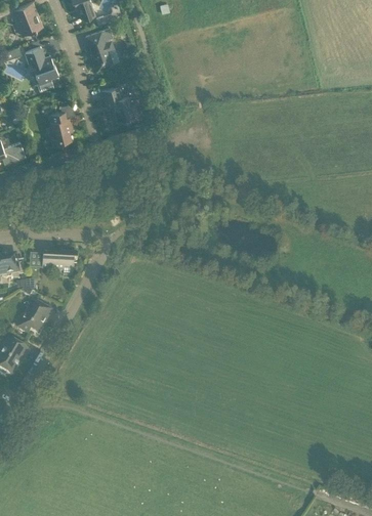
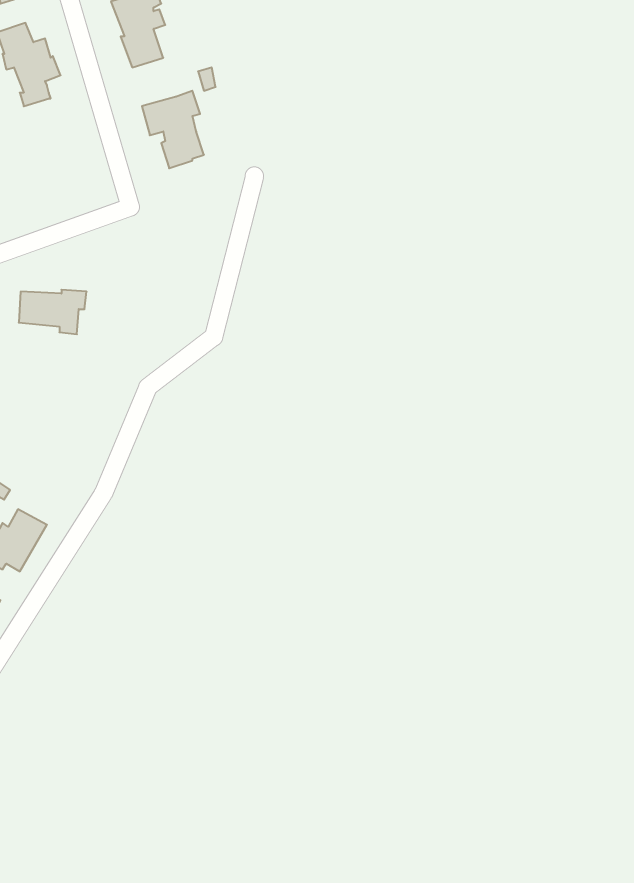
building: [48,110,73,144] -> none
building: [41,252,77,275] -> [19,290,87,334]

